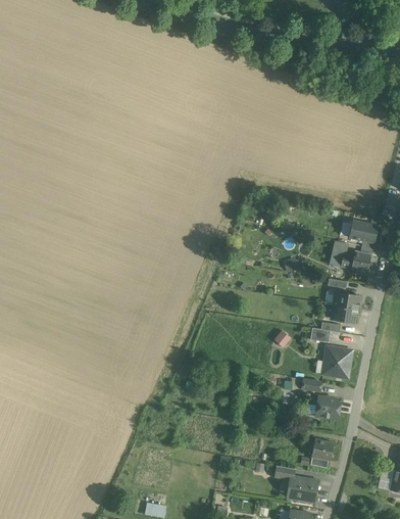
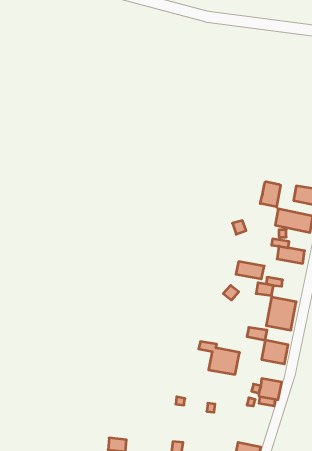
building: none -> [260,182,281,207]
building: [328,302,359,322] -> [236,262,264,279]
building: [274,466,320,503] -> [199,342,240,374]

